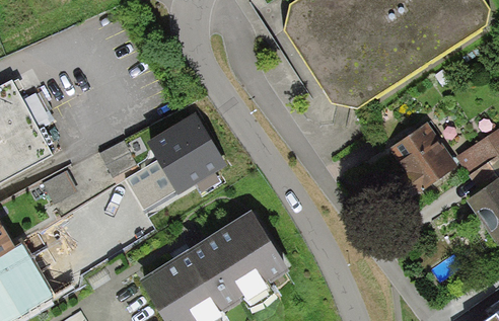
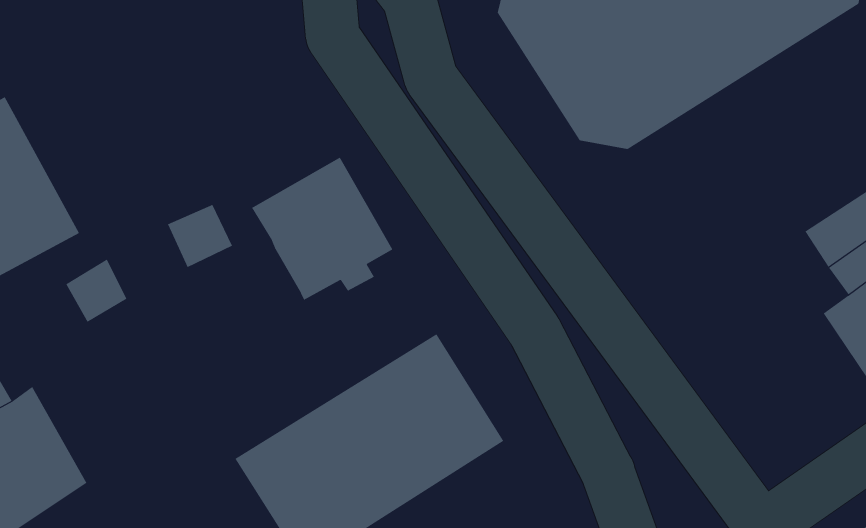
building: [389,121,459,196] -> none
building: [128,159,175,207] -> none

